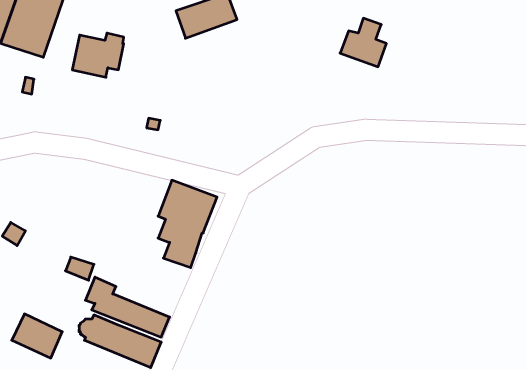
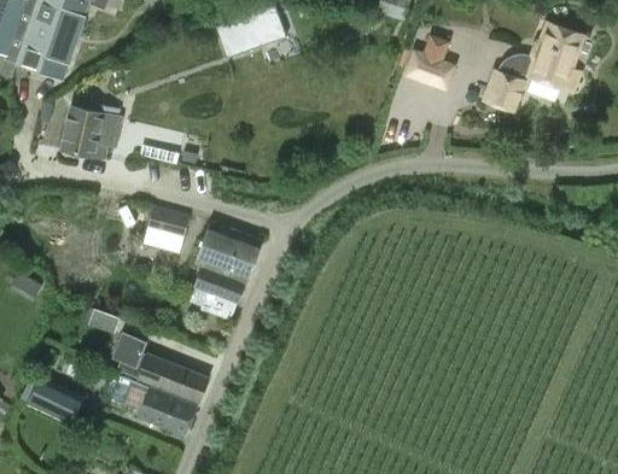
building: none -> [482,23,582,112]
building: [72,33,124,77] -> [62,105,121,156]
building: none -> [142,206,190,254]

